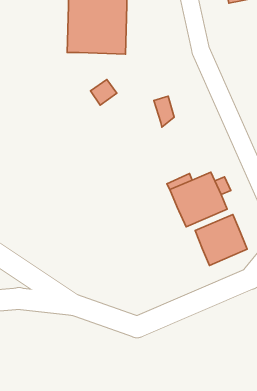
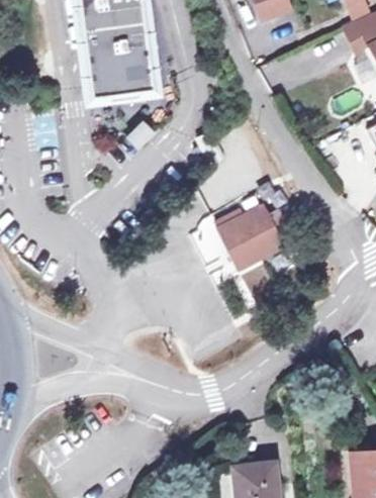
building: [195,215,247,265] -> none

